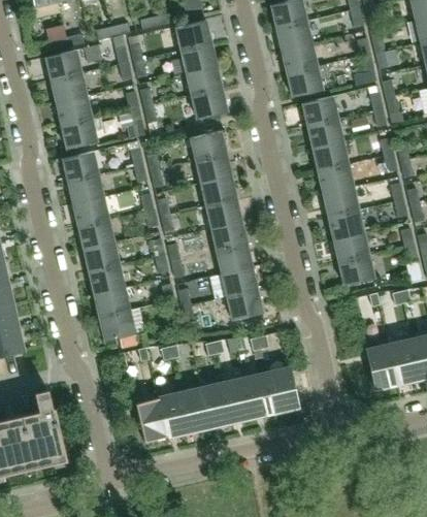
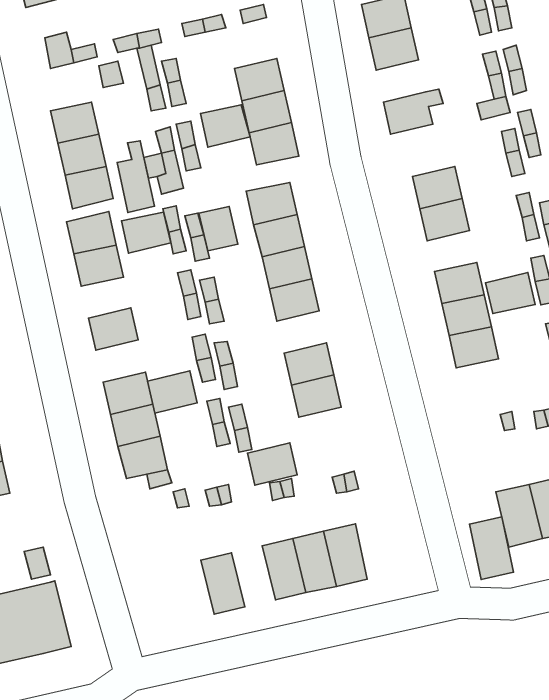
building: [176,21,211,51] -> [200,105,250,147]
building: [282,44,317,74] -> none
building: [45,51,80,80] -> none
building: [302,97,337,127] -> none
building: none -> [117,141,154,212]
building: none -> [199,206,238,251]
building: [318,165,353,194] -> [485,273,535,313]
building: [73,198,108,227] -> [121,212,171,253]
building: [211,222,247,252] -> none
building: [84,243,119,272] -> [147,371,197,413]
building: [338,256,374,286] -> none
building: [227,290,262,320] -> [247,443,297,485]
building: [267,367,298,412] -> [470,517,513,580]
building: [179,388,210,431] -> none
building: [135,398,167,442] -> none

